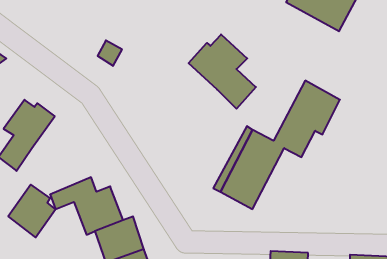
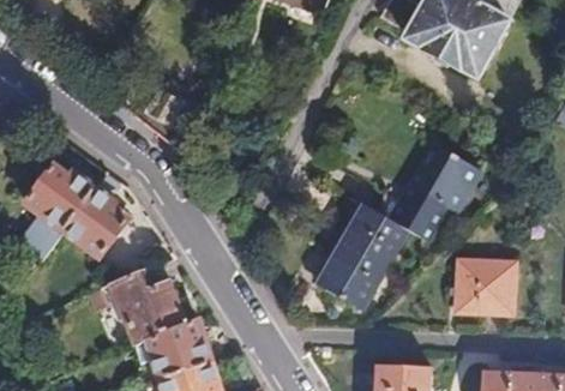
building: [189,34,256,109] -> none
building: none -> [456,261,517,313]
building: [8,185,56,237] -> [67,190,130,259]

